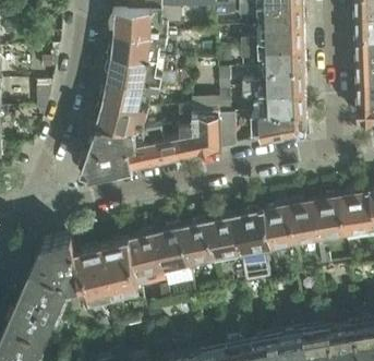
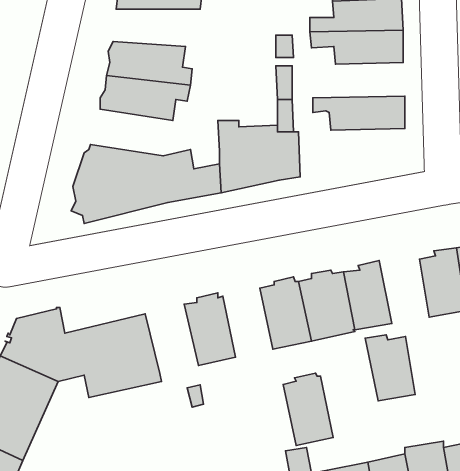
building: [108,36,168,61] -> none
building: [243,72,306,96] -> none
building: [94,104,149,135] -> none
building: [253,117,307,144] -> none
building: [289,204,323,249] -> [365,335,415,401]
building: [183,222,217,272] -> [283,373,333,446]
building: [131,233,167,282] -> none

